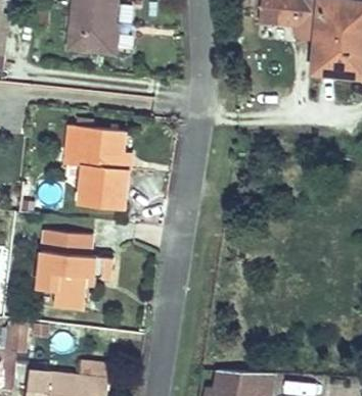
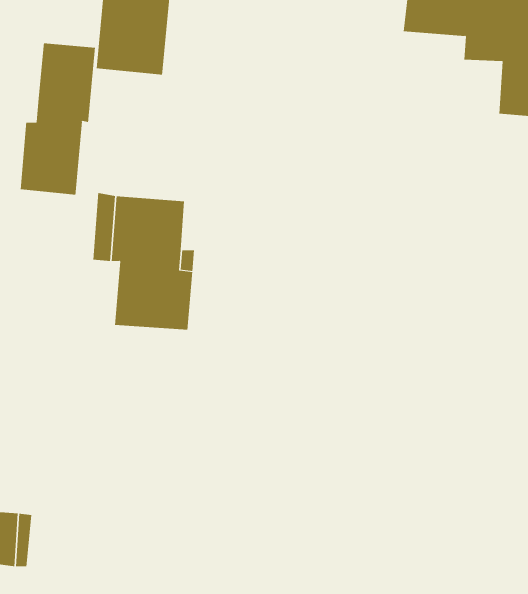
building: none -> [20,42,95,195]
building: [39,230,114,305] -> none

